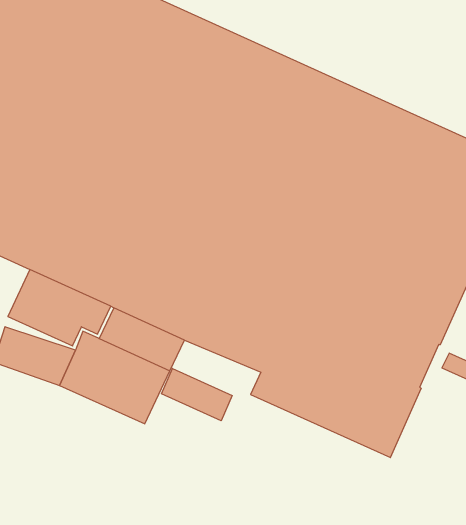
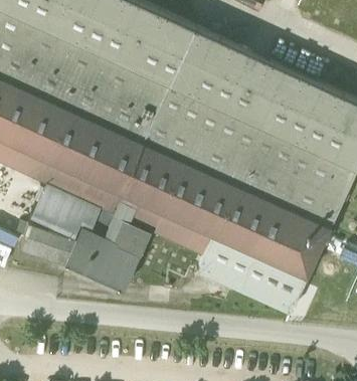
building: [161,368,232,421] -> none

